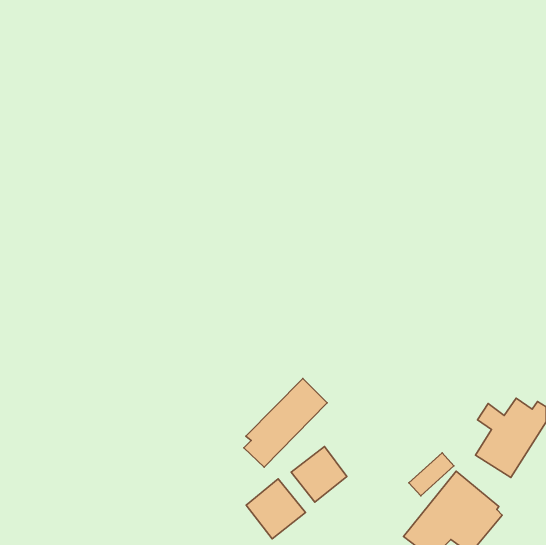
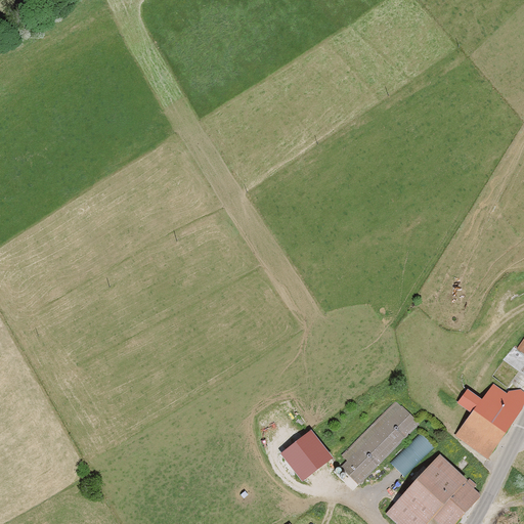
building: [244,378,327,467] -> [340,401,420,486]
building: [246,479,305,539] -> none

